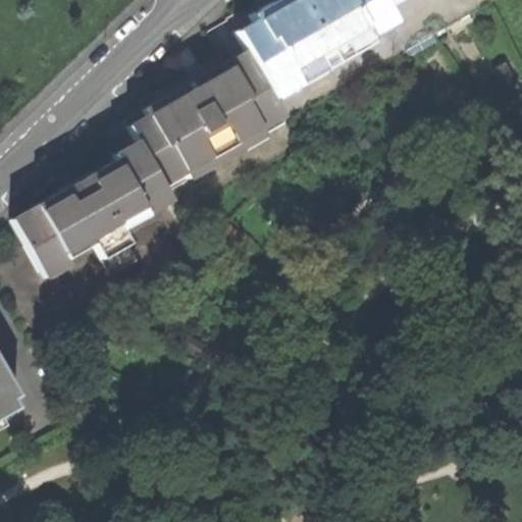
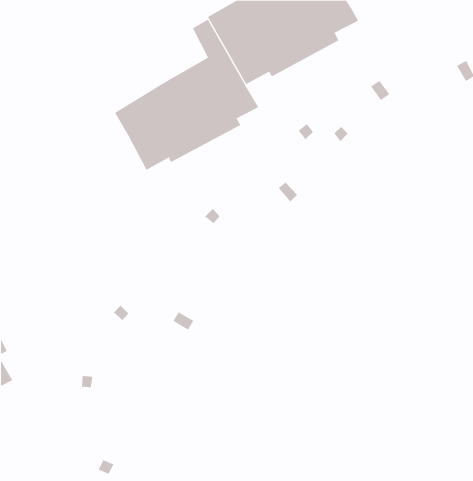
building: [19,148,176,278] -> none

